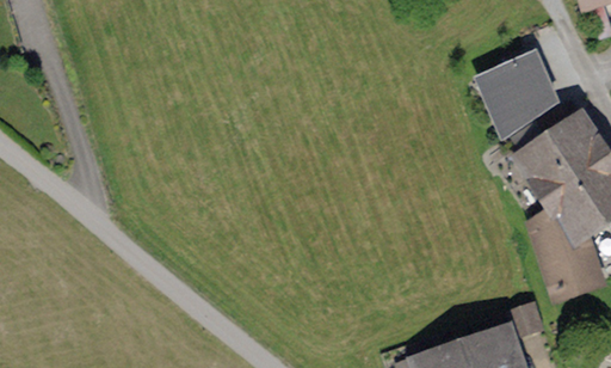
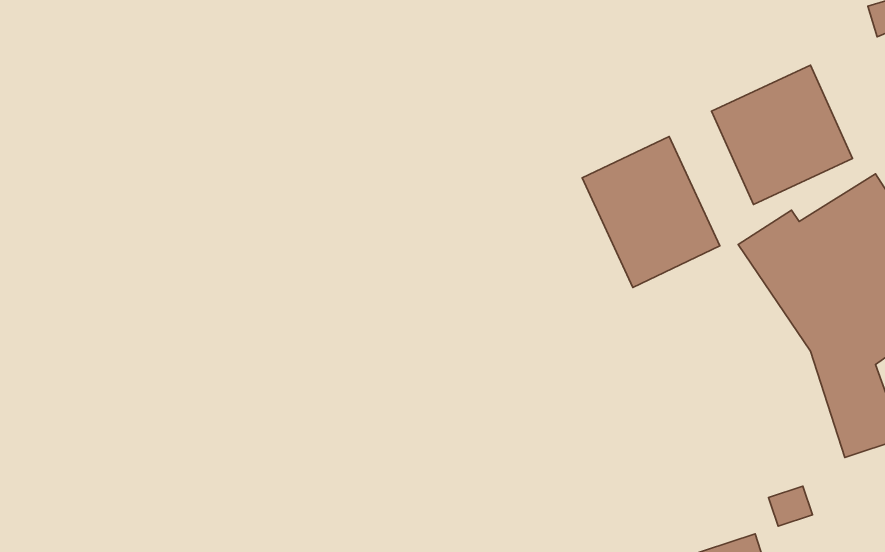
building: none -> [582,136,720,287]

